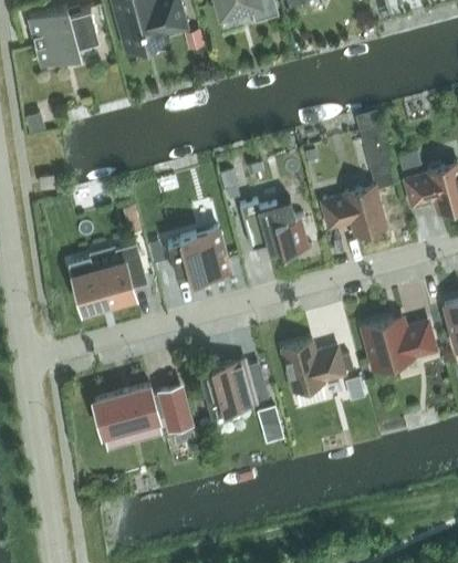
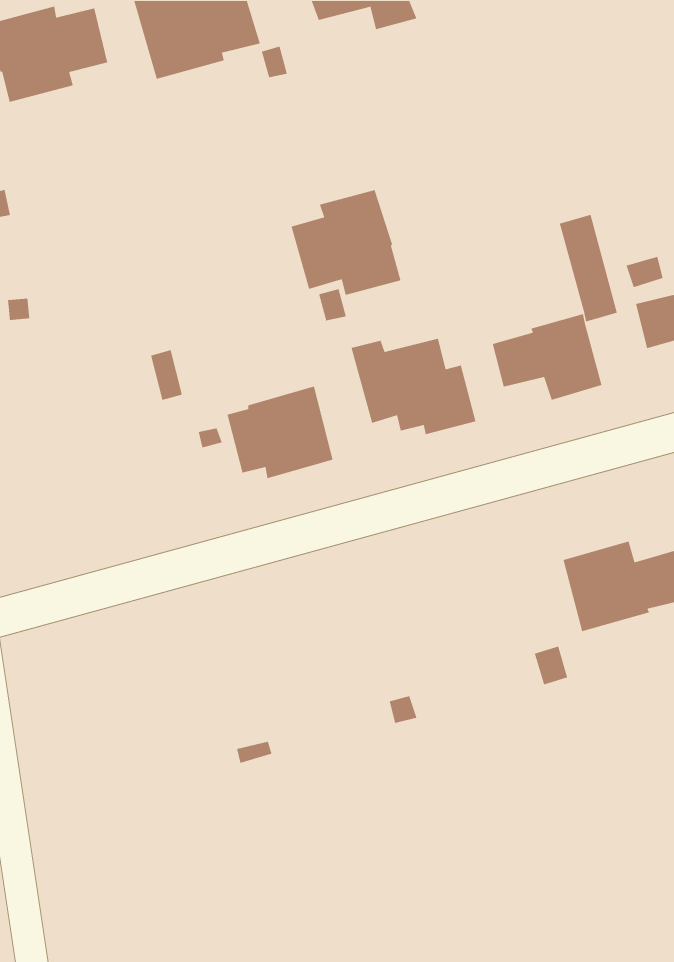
building: none -> [291,189,401,296]
building: [69,246,146,310] -> none
building: [281,341,352,392] -> none
building: [199,359,267,415] -> none
building: [92,384,189,435] -> none

